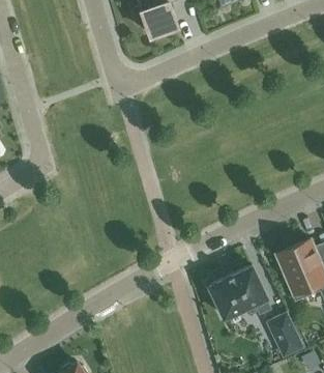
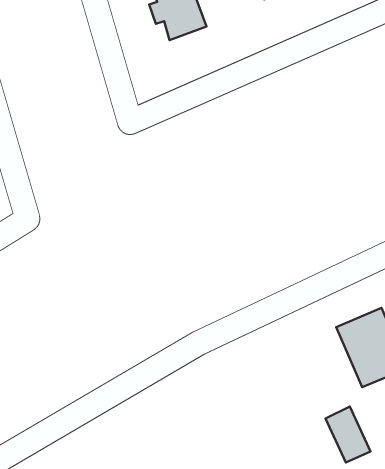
building: [208,264,270,317] -> none

